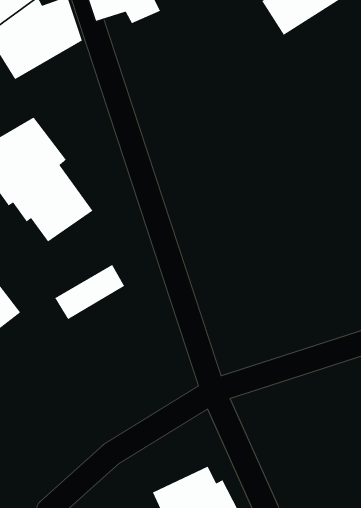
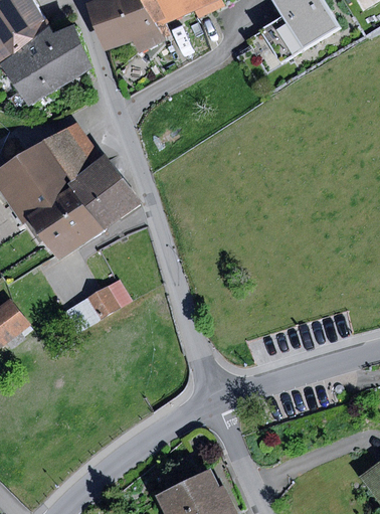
building: none -> [44,123,142,229]

